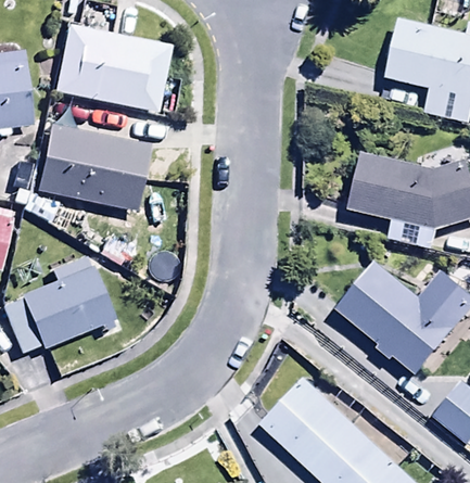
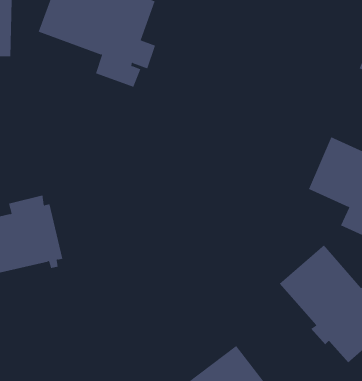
building: [36,124,149,211] -> none

